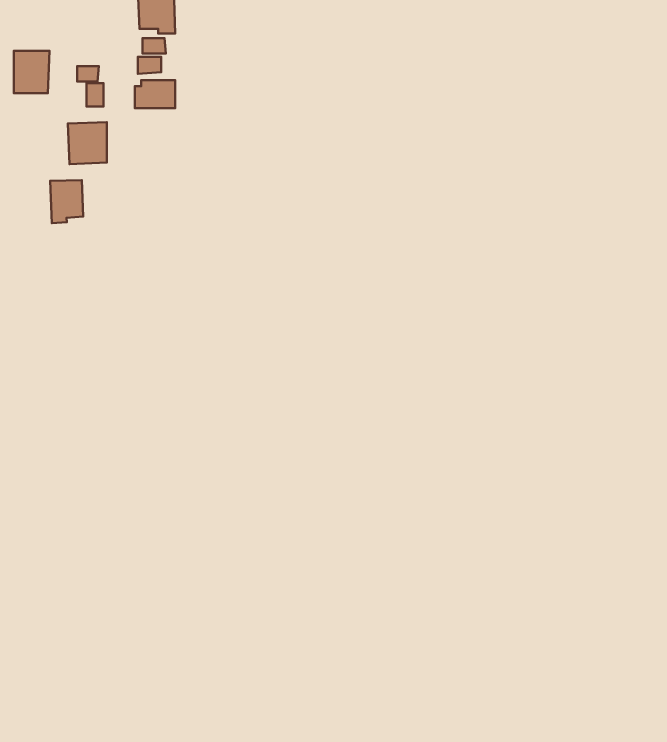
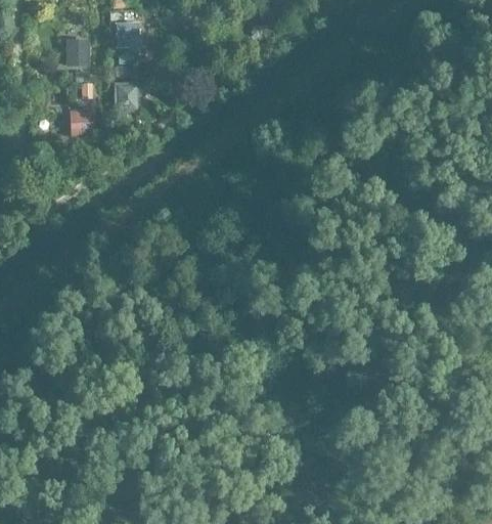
building: [14,51,50,93] -> [65,39,89,67]
building: [50,180,83,223] -> none

